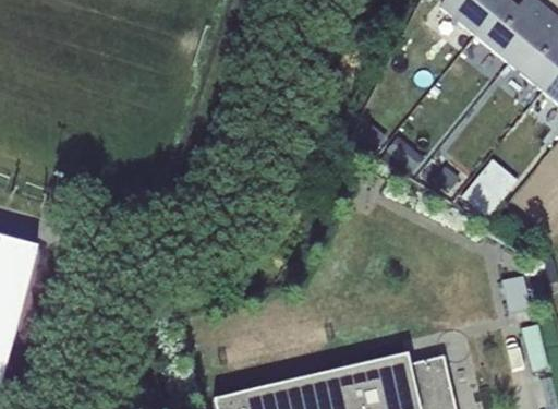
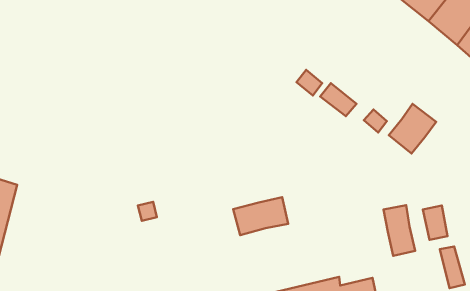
building: none -> [233,197,288,235]
building: none -> [383,205,415,256]

